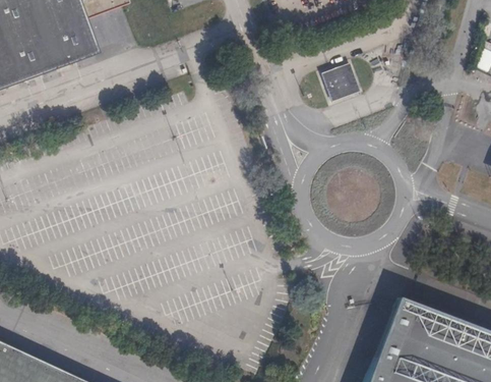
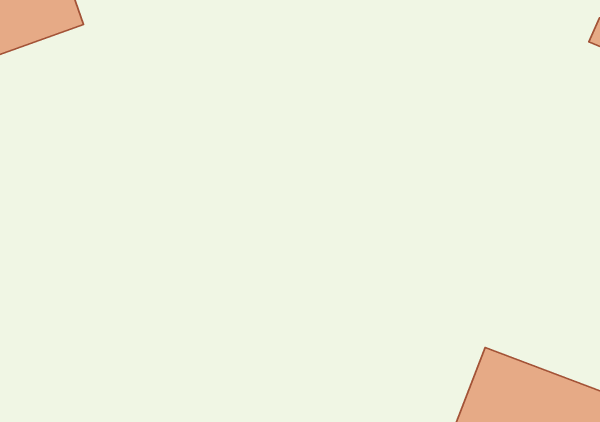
building: [323,68,354,100] -> none

